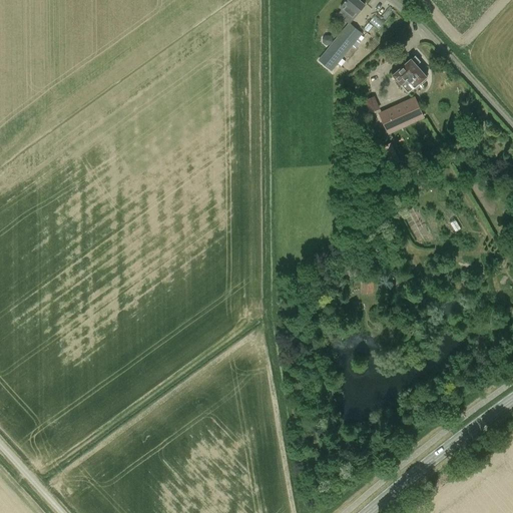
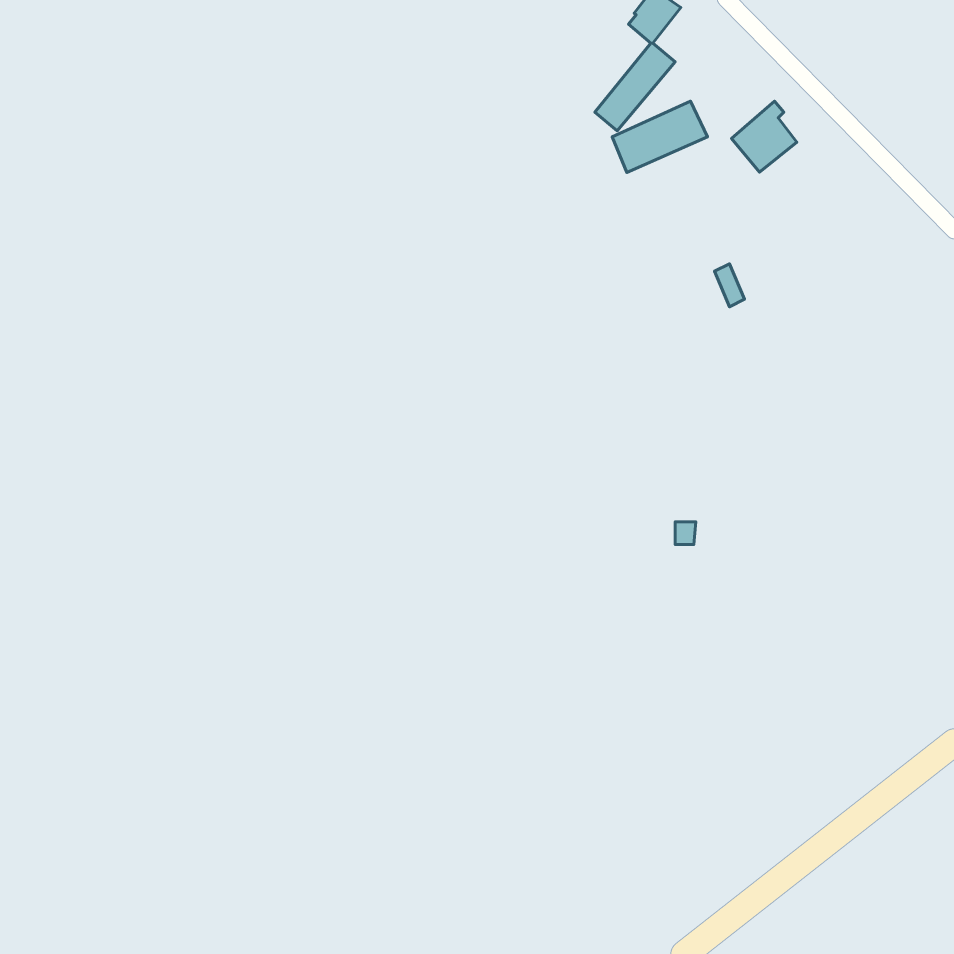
building: [372,97,423,135] -> [612,101,707,172]

